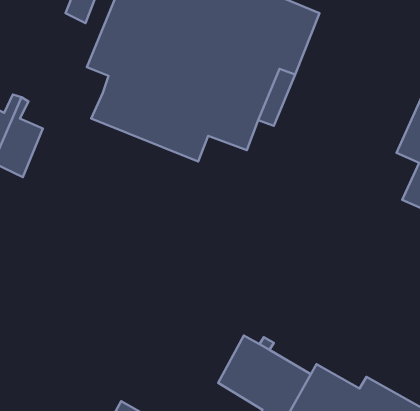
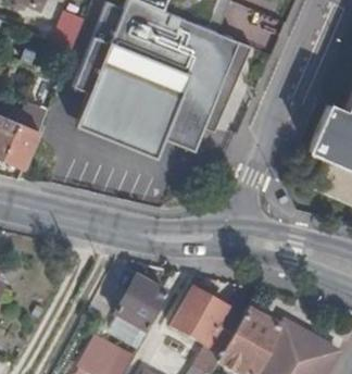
building: none -> [114,277,167,333]

